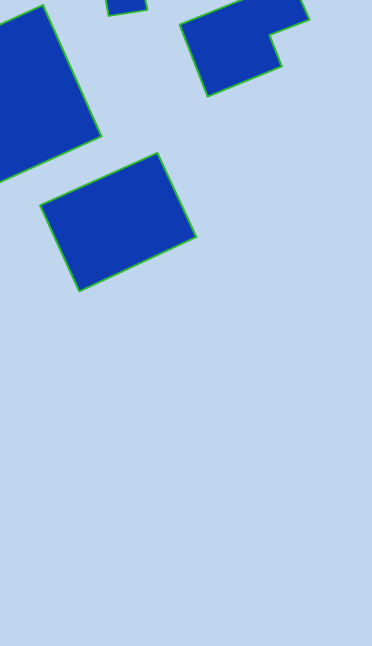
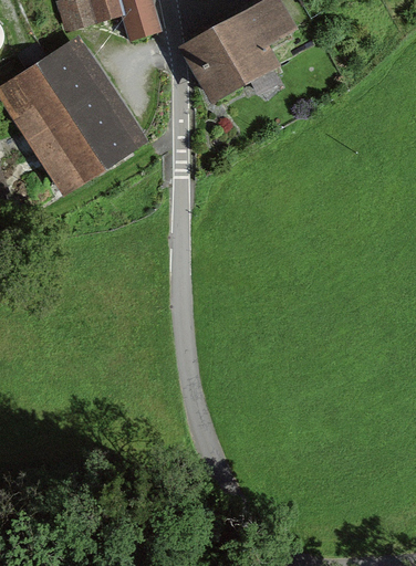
building: [40,153,196,291] -> none

